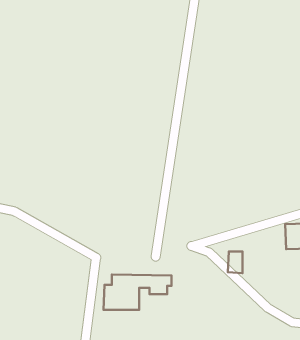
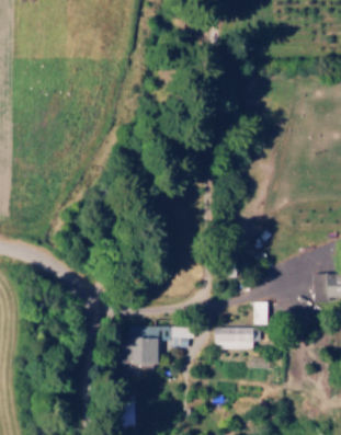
building: none -> [215,328,261,350]

